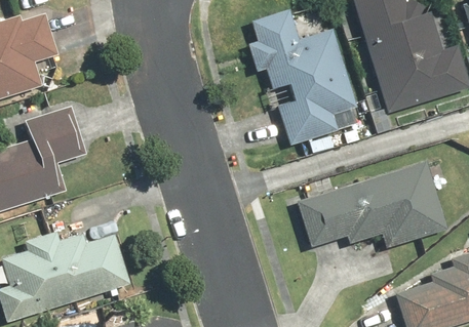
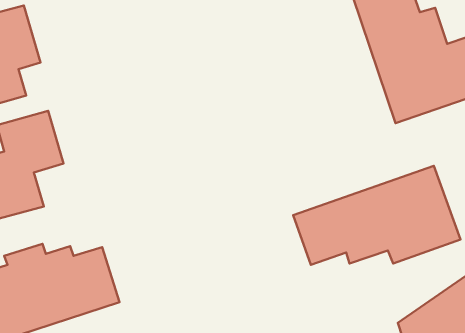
building: [245,8,363,146] -> none

